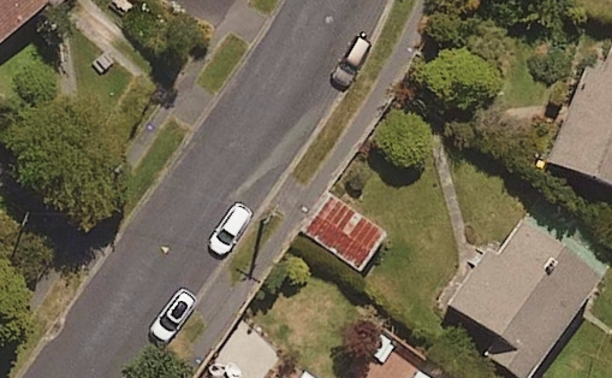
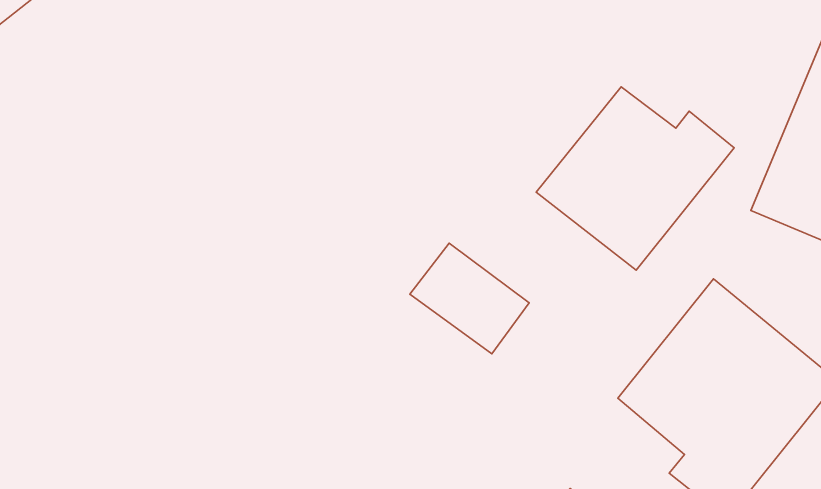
building: none -> [536,87,734,270]

